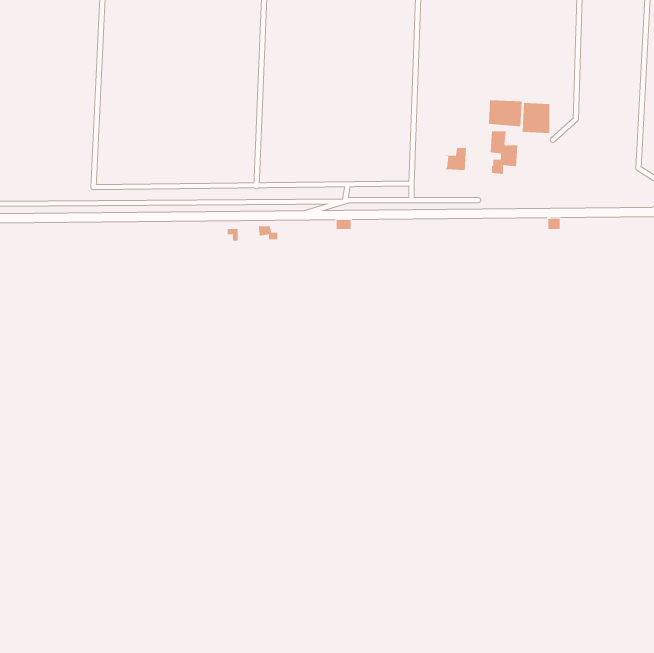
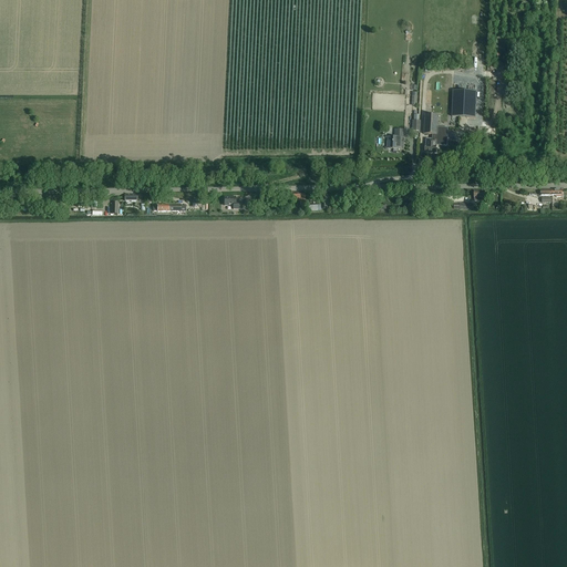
building: [489,99,522,127] -> none

